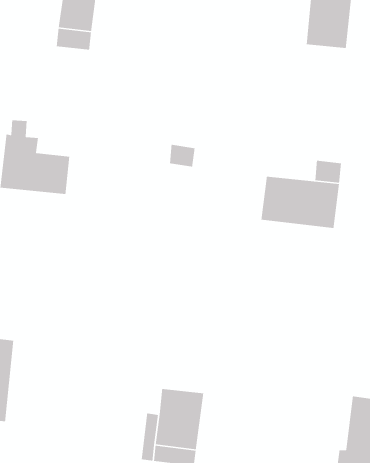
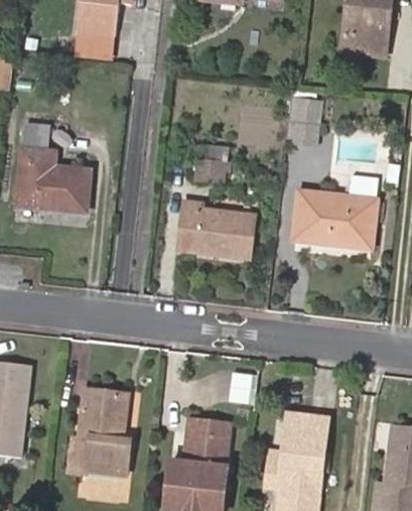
building: none -> [285,98,321,144]
building: none -> [178,201,254,258]
building: none -> [81,390,130,474]
building: none -> [266,412,328,494]

